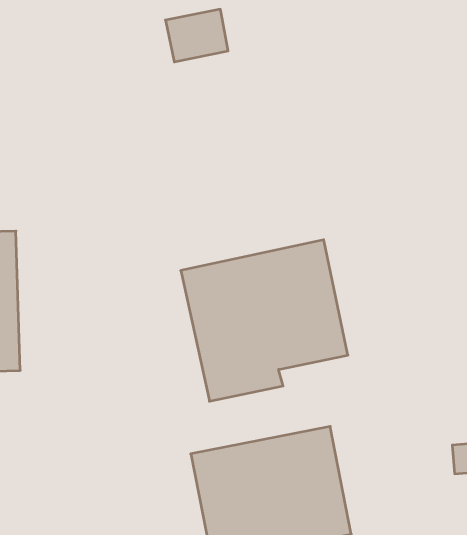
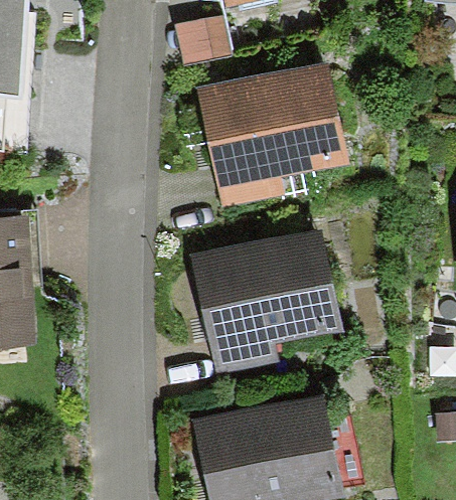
building: none -> [196,59,347,209]

